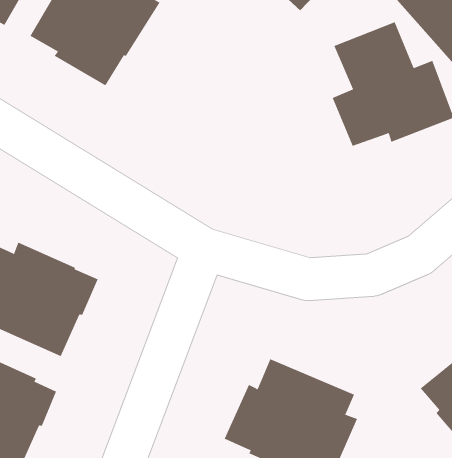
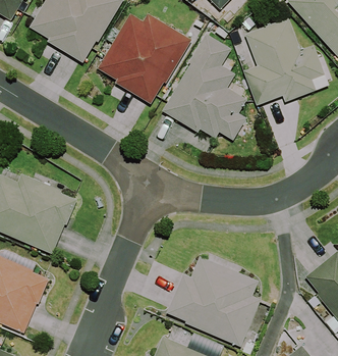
building: none -> [96,12,191,104]
building: none -> [161,33,246,140]

